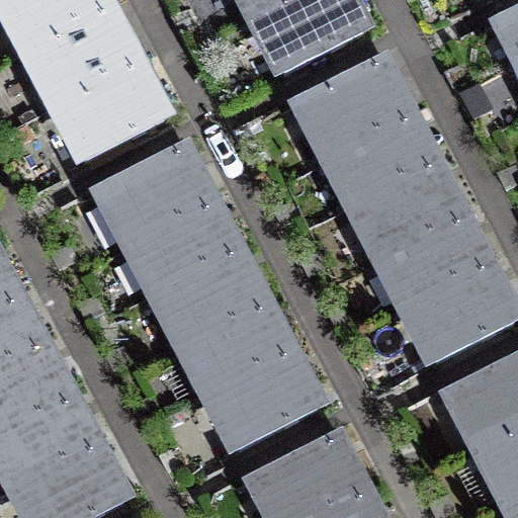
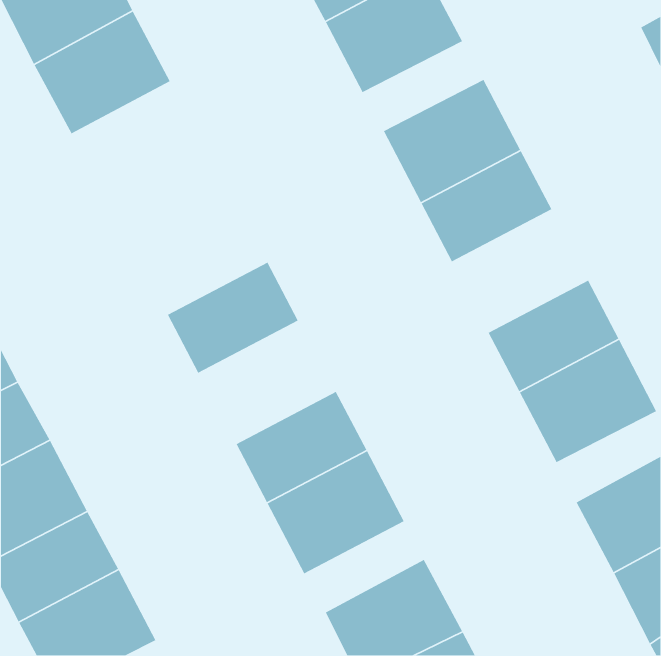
building: [56,64,164,161] -> none
building: [101,149,209,246] -> none
building: [353,164,460,260] -> none
building: [155,251,263,347] -> none

